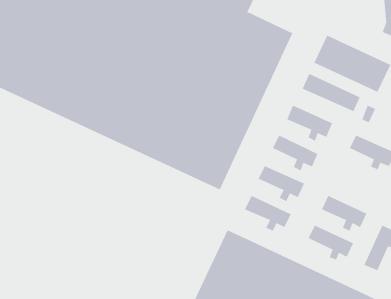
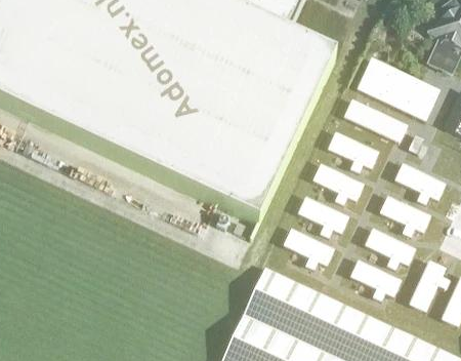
building: none -> [380,196,429,235]

